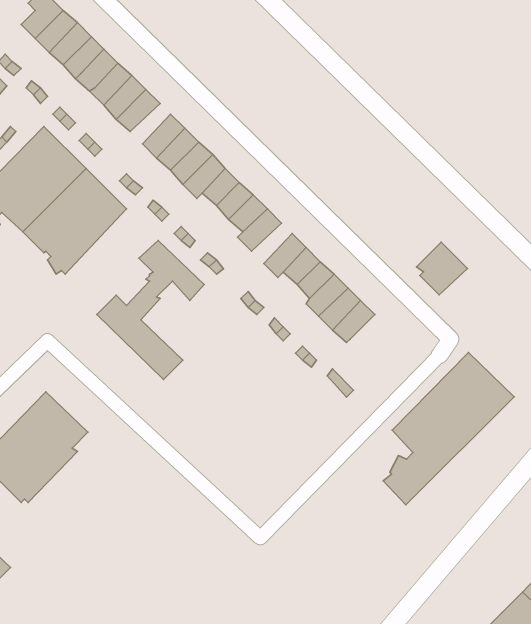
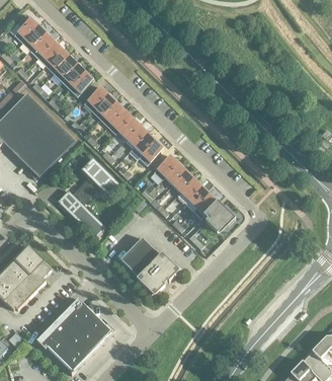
building: [416,242,467,295] -> [203,201,233,231]
building: [383,352,514,505] -> none
building: none -> [120,236,180,296]
building: none -> [36,297,111,370]

